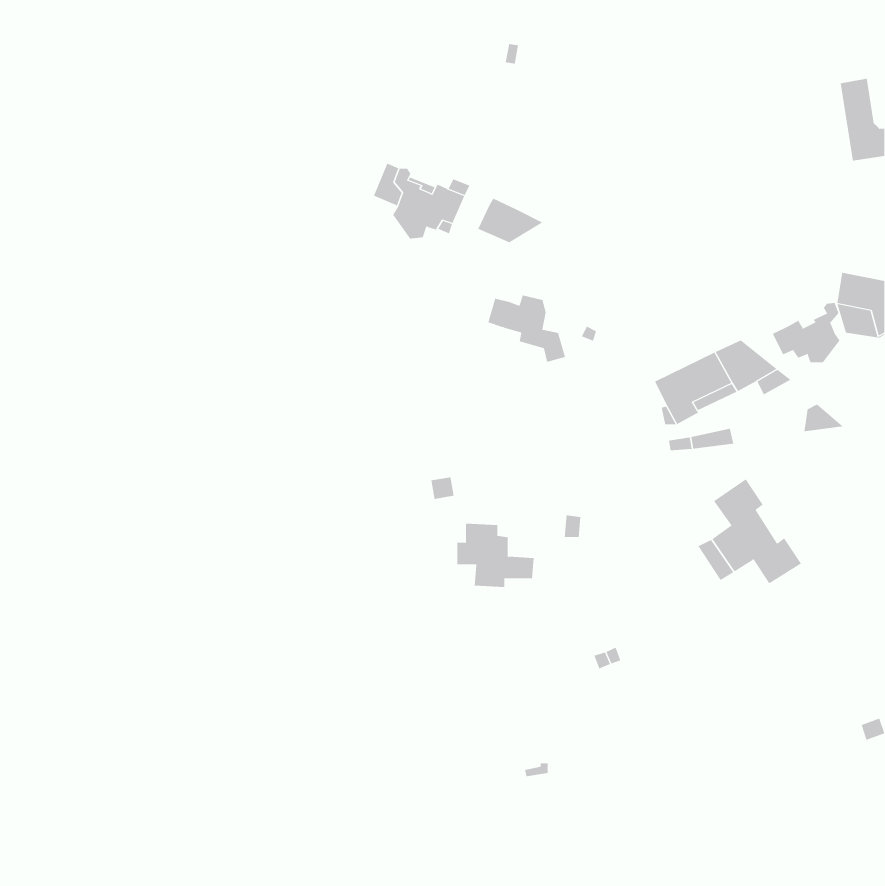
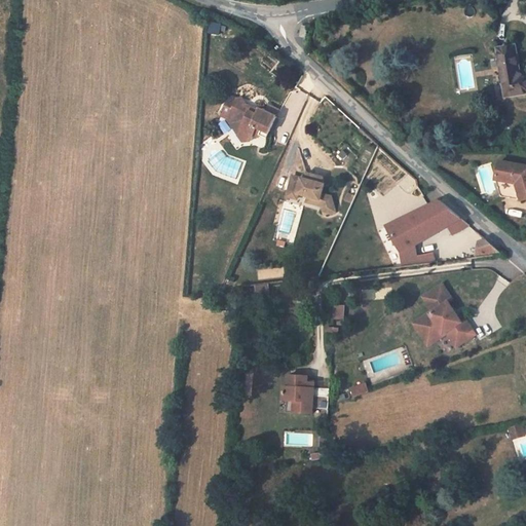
building: [477,198,543,243] -> none
building: [772,302,840,363] -> none
building: [456,523,535,587] -> [283,376,329,414]

